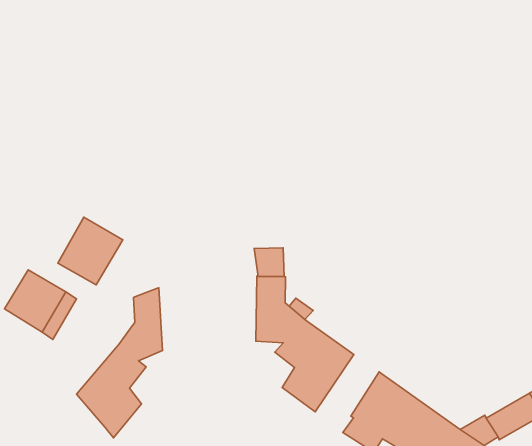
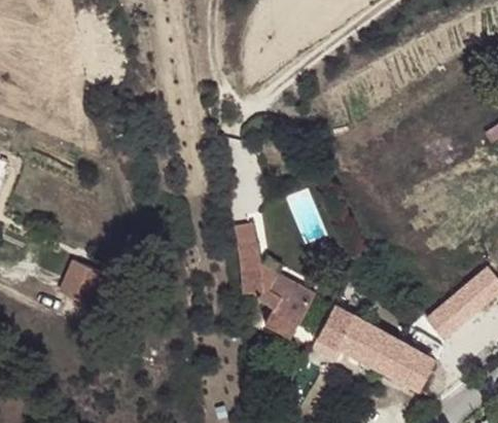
building: [58,217,123,285] -> none
building: [77,288,162,438] -> none

